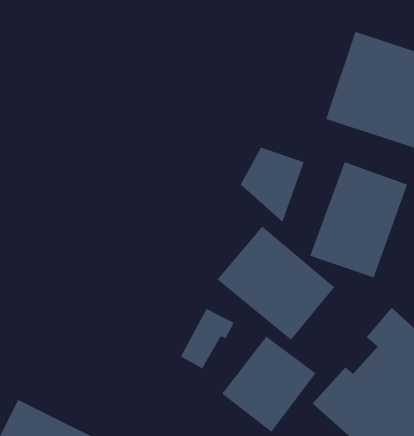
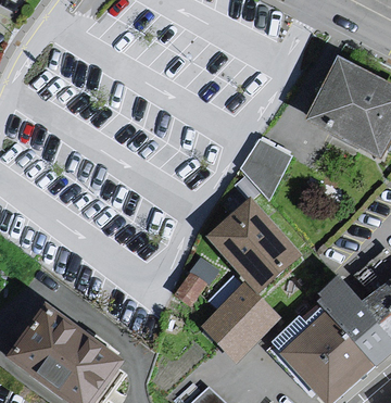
building: [309,161,408,279] -> none

